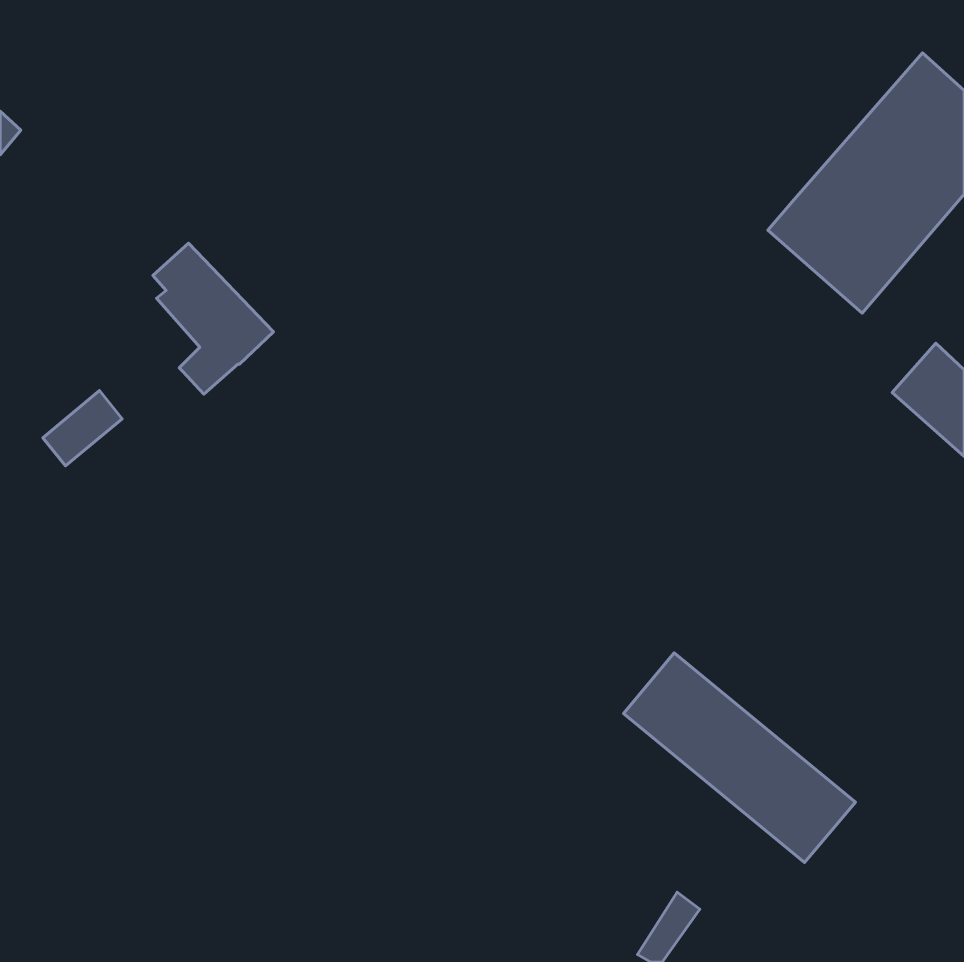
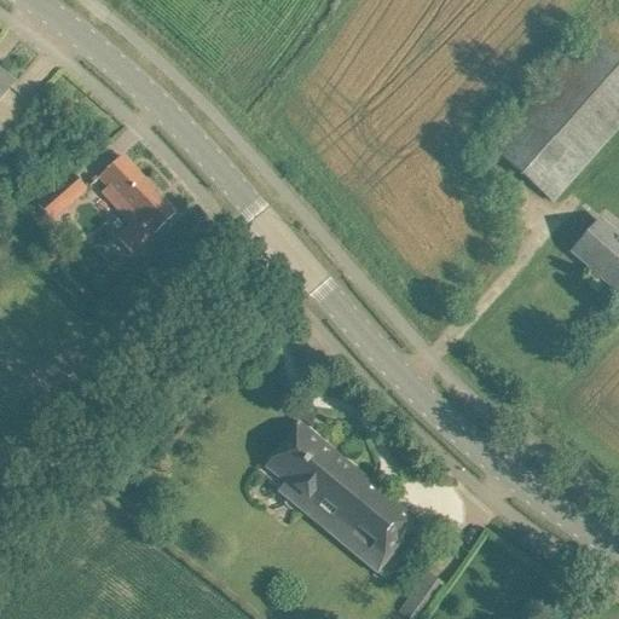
building: [43,391,122,466] -> [35,172,86,220]
building: [623,653,855,862] -> [268,427,417,561]

